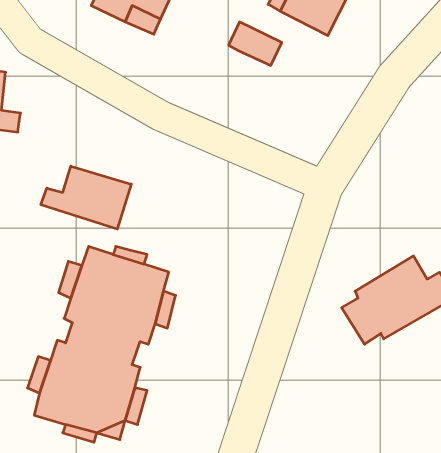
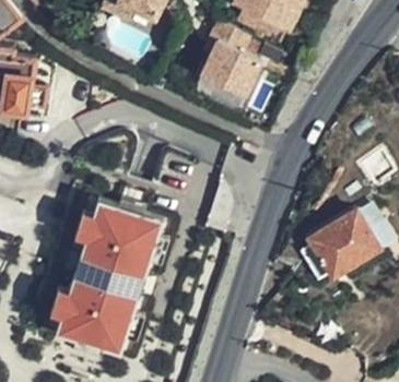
building: none -> [200,45,259,100]
building: [41,166,131,229] -> none

